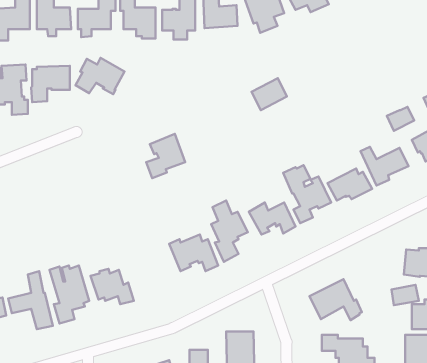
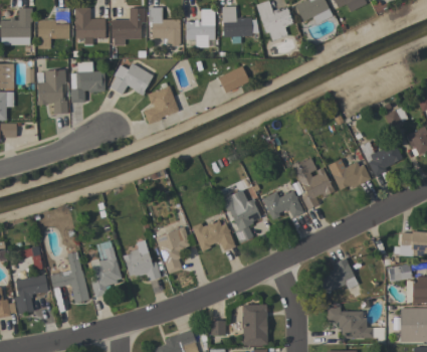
building: [252,78,287,110] -> [218,65,249,94]
building: [146,134,185,178] -> [144,85,178,125]
building: none -> [156,227,191,274]

